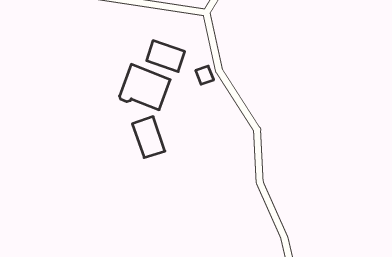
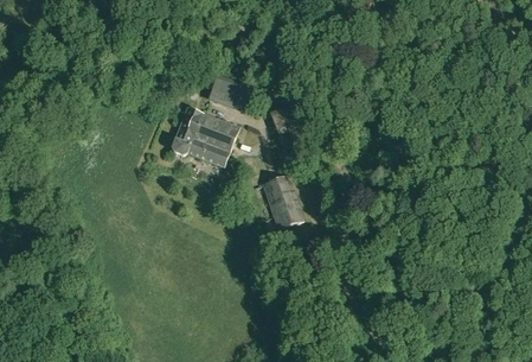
building: [132,117,165,158] -> [262,174,305,228]

